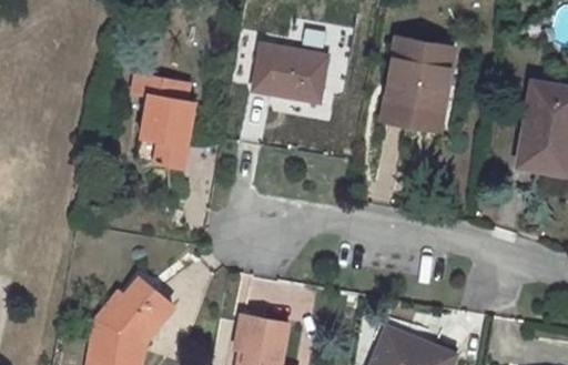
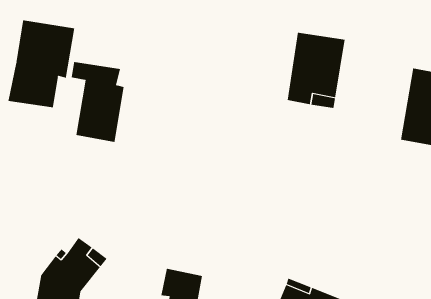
building: none -> [8,19,75,108]
building: [252,42,328,102] -> none

